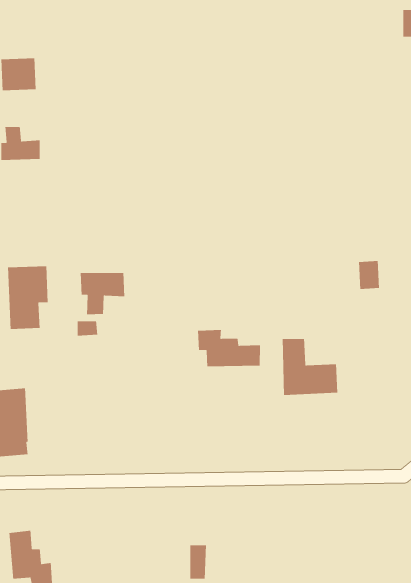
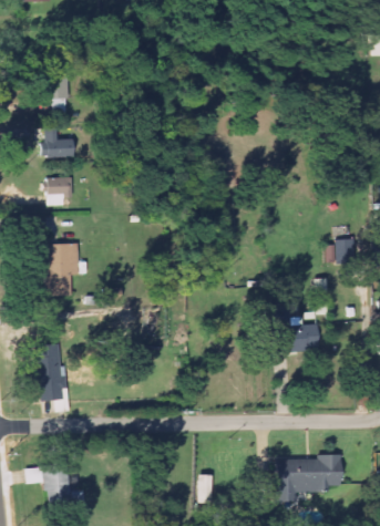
building: none -> [45,178,73,206]
building: [80,272,125,315] -> none
building: [197,329,261,367] -> none
building: none -> [273,455,339,501]

